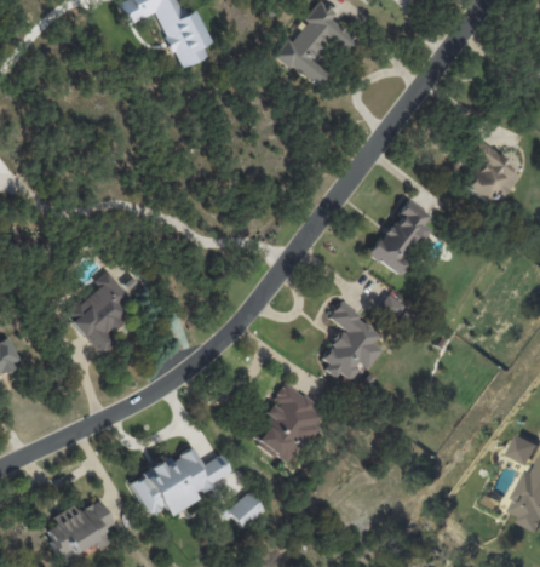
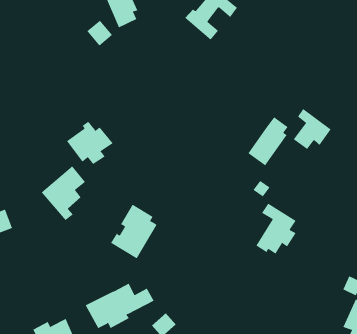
building: none -> [86,20,113,46]
building: [465,141,522,202] -> [293,108,331,150]
building: none -> [66,121,114,165]
building: [321,304,381,380] -> [256,203,296,254]
building: [252,383,322,465] -> [110,204,158,259]

